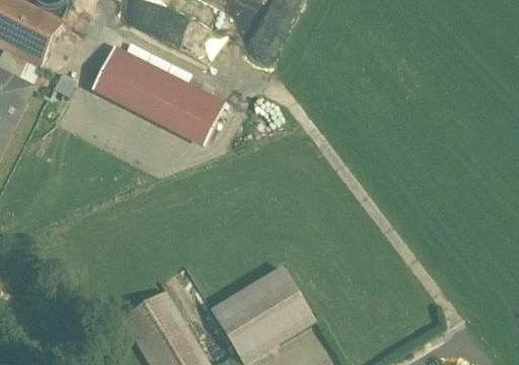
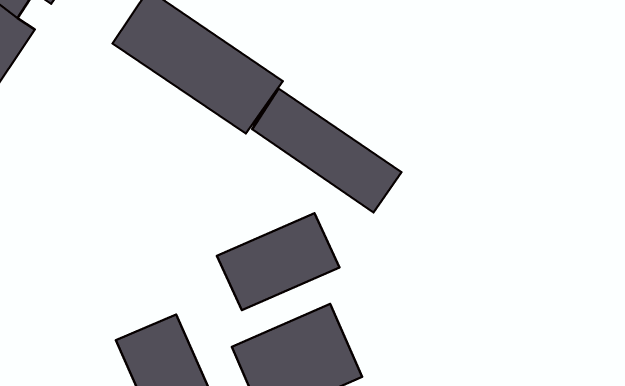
building: none -> [252,88,401,213]
building: none -> [217,213,339,310]

